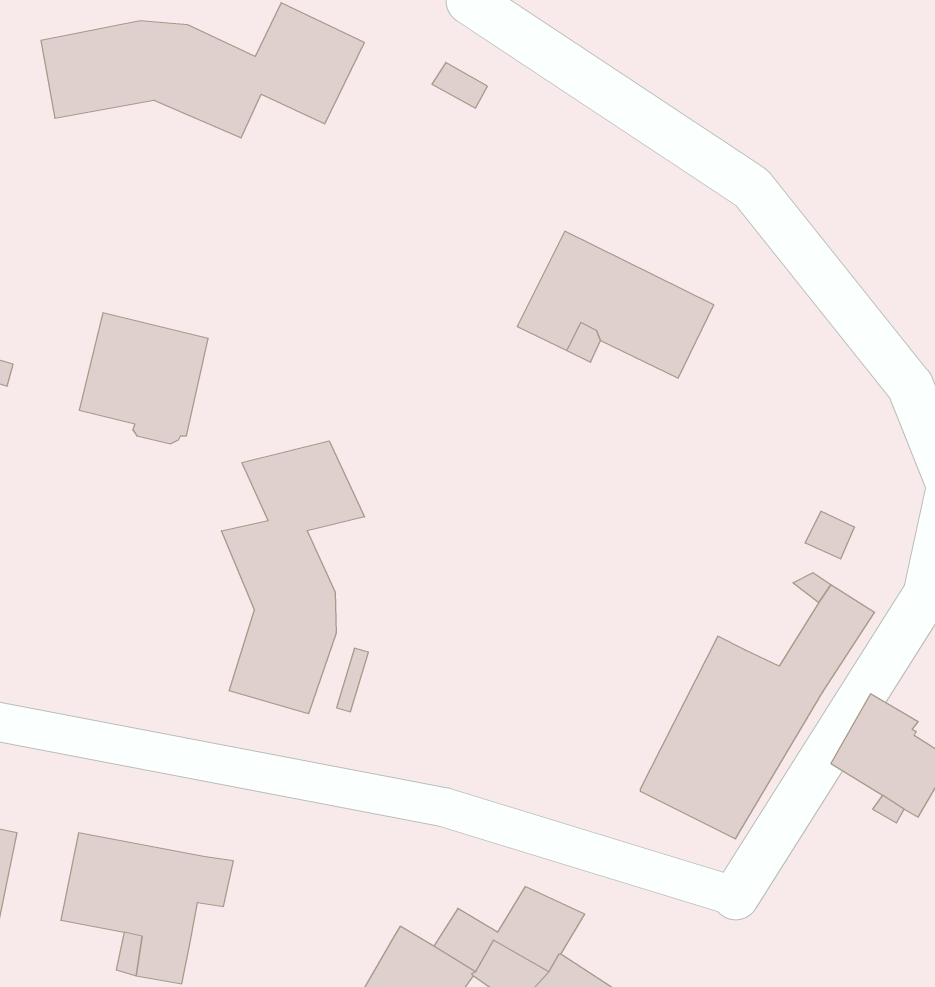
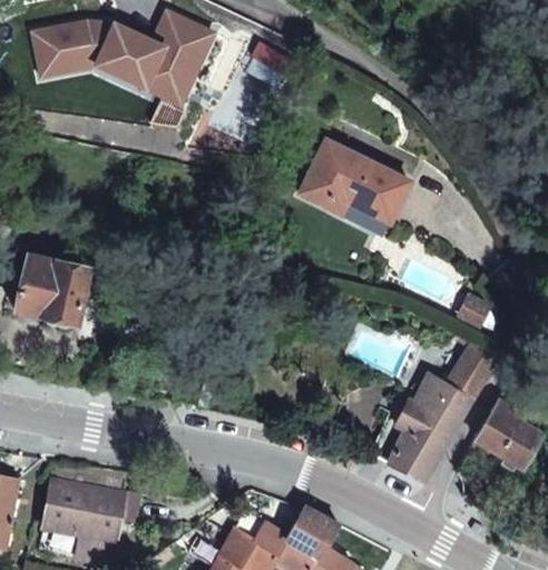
building: none -> [145,63,192,105]
building: [79,313,208,444] -> [14,255,87,328]
building: [222,441,364,714] -> none

